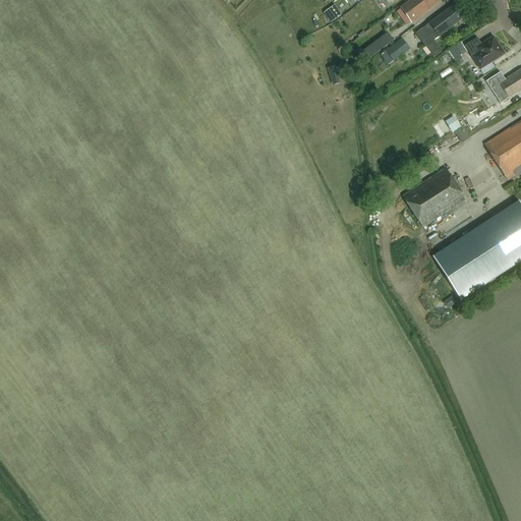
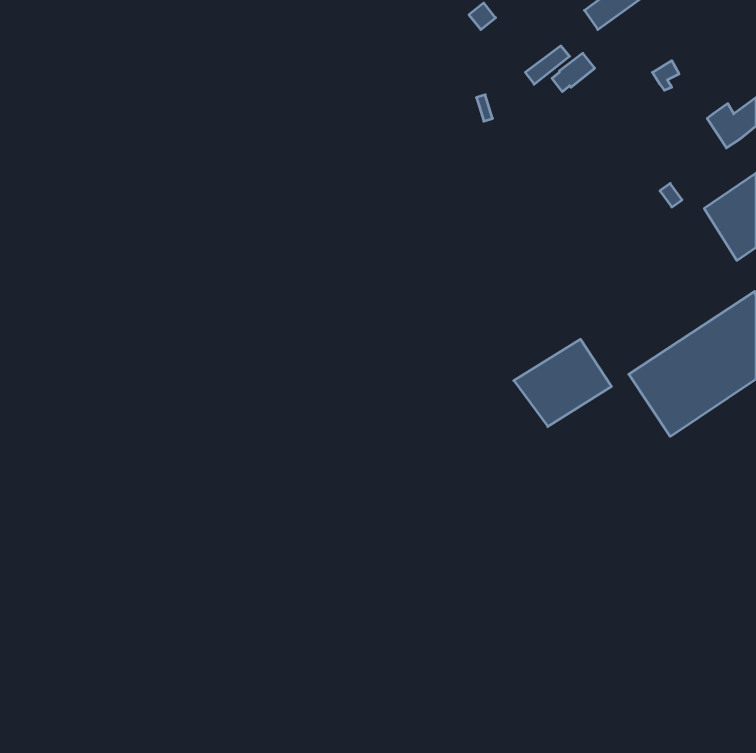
building: [416,4,464,56] -> none
building: [465,35,505,73] -> none
building: [399,167,466,227] -> [514,339,611,427]

